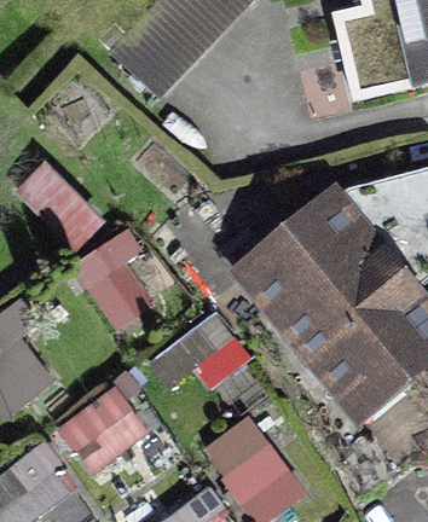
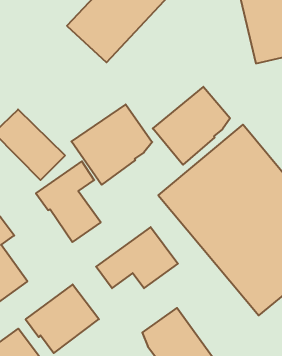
building: none -> [153,87,230,165]
building: none -> [71,104,152,185]

